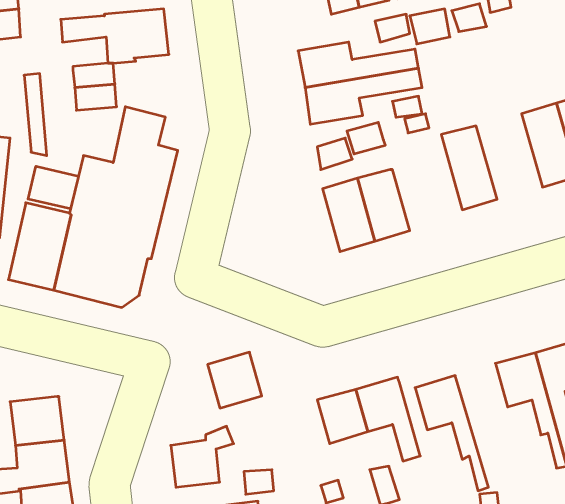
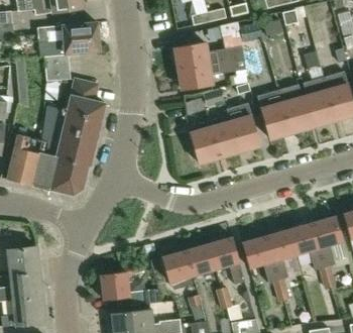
building: none -> [277,84,310,132]
building: none -> [226,103,260,150]
building: [28,166,78,209] -> none
building: [208,352,262,408] -> [161,248,193,281]
building: none -> [265,227,296,299]

